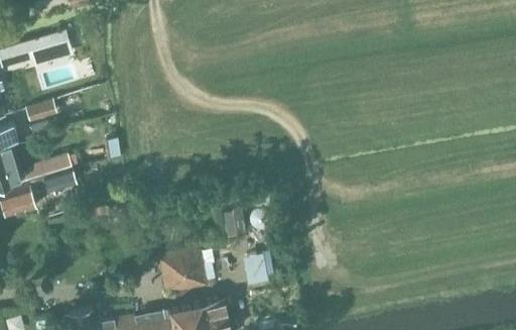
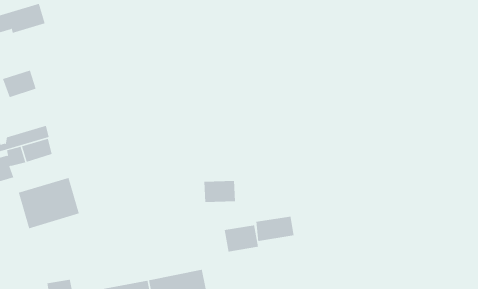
building: none -> [18,177,80,229]
building: none -> [256,216,294,242]
building: [159,252,207,295] -> none

